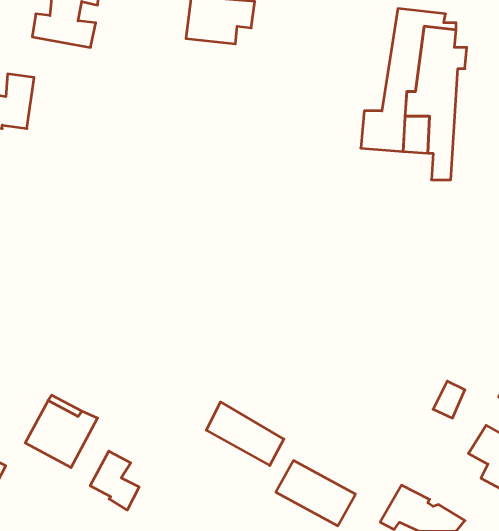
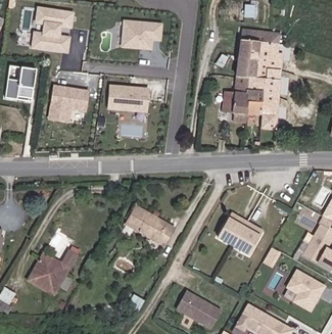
building: none -> [49,86,87,122]
building: none -> [107,86,147,111]
building: none -> [215,216,258,255]
building: [206,402,284,466] -> [125,207,170,244]
building: [90,451,139,510] -> none

